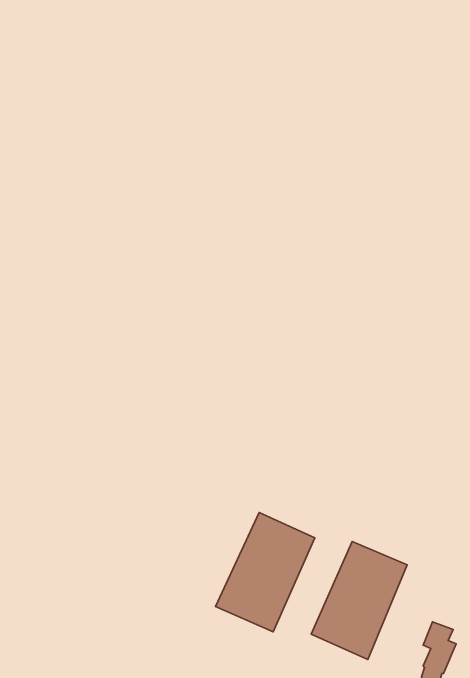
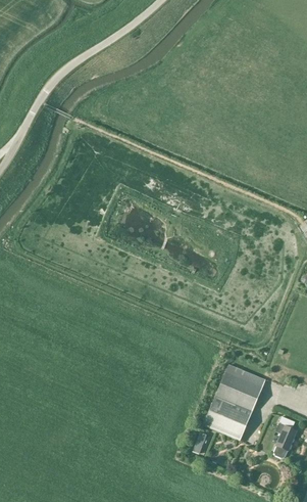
building: [215,513,315,632] -> none

